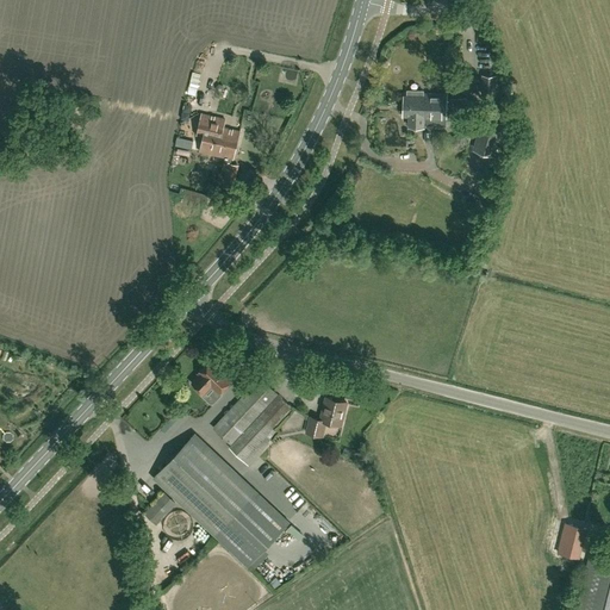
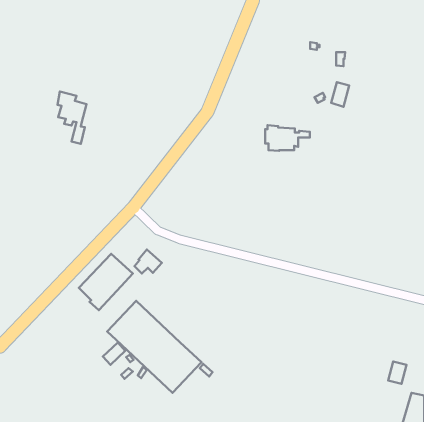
building: [404,92,468,129] -> [265,125,310,151]
building: [198,116,239,191] -> [57,92,87,144]
building: [214,380,292,461] -> [79,254,133,310]
building: [306,399,347,437] -> none

